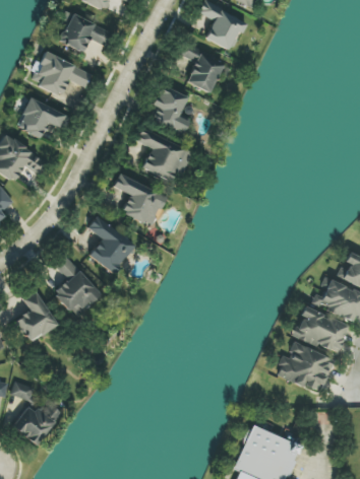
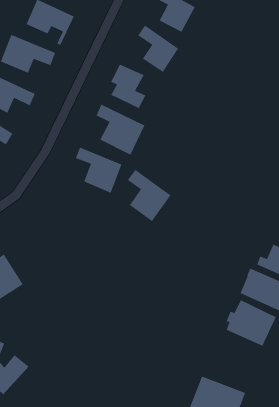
building: [86,216,135,274] -> [127,169,172,222]
building: [53,255,102,317] -> none

